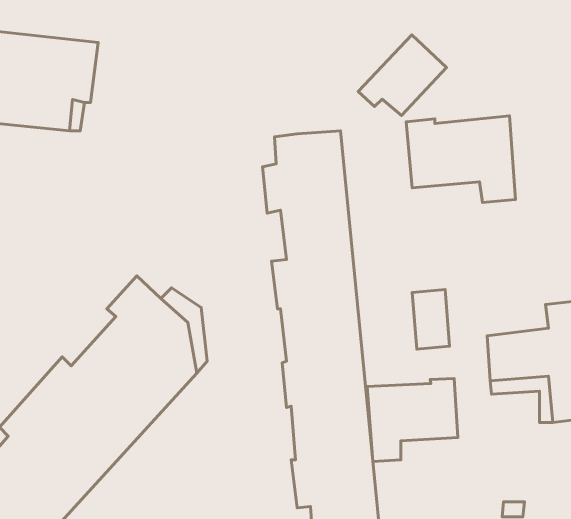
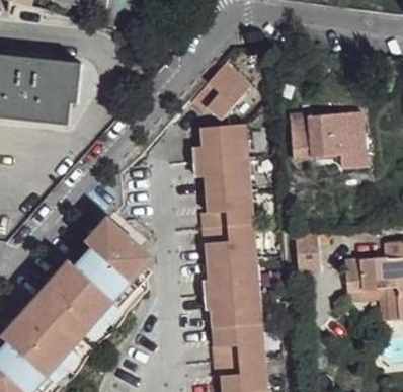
building: [358,35,446,116] -> [185,70,245,125]
building: [367,379,458,461] -> none

